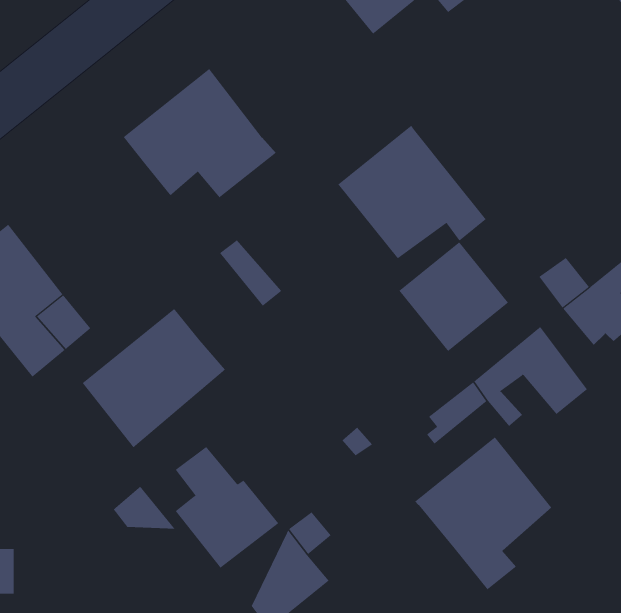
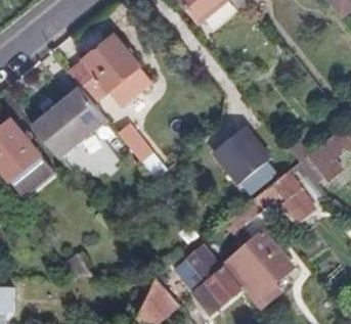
building: [338,125,487,259] -> none
building: [82,308,226,448] -> [33,87,107,159]
building: [175,446,279,568] -> [187,246,242,310]

